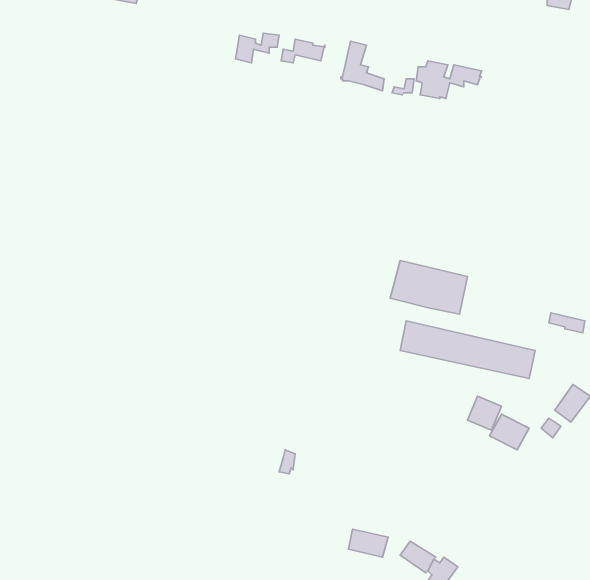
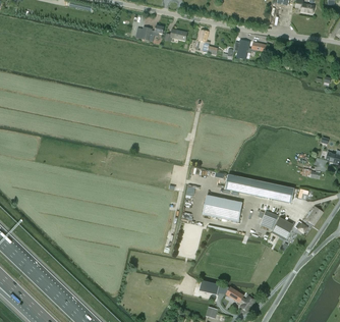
building: [390,261,467,314] -> [202,194,241,221]

